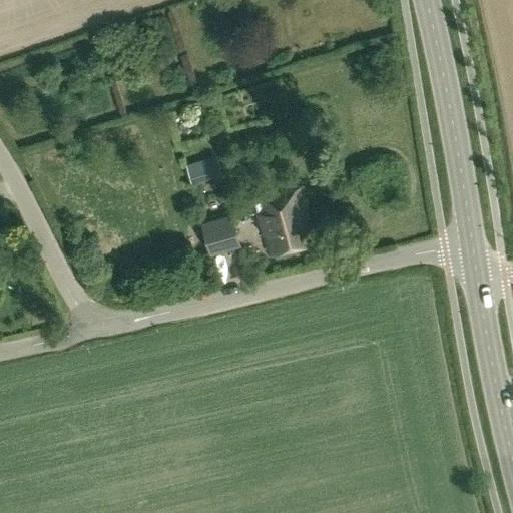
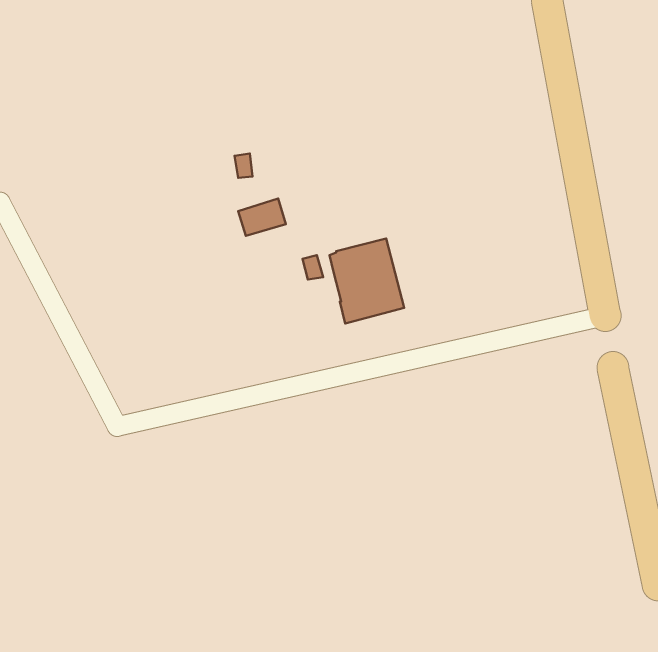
building: [201,219,236,253] -> none

